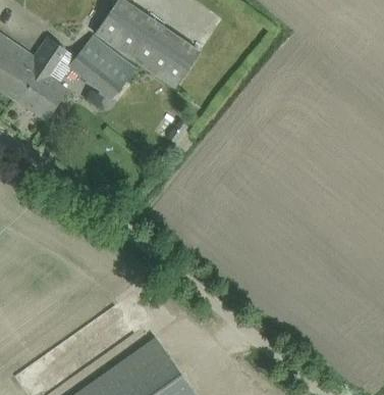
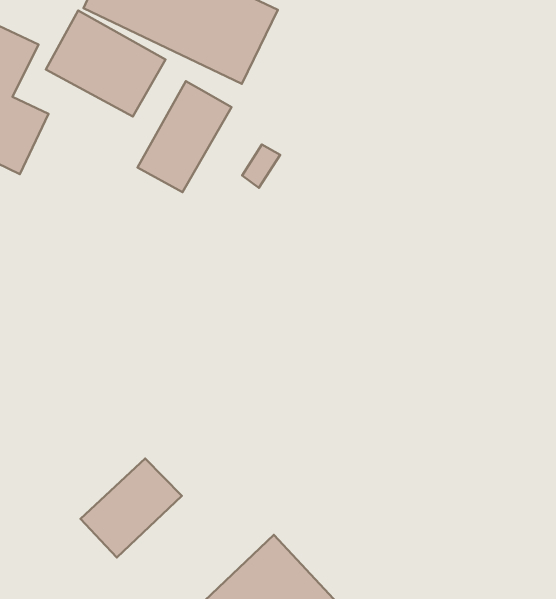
building: none -> [137,81,231,192]
building: none -> [80,458,182,558]

